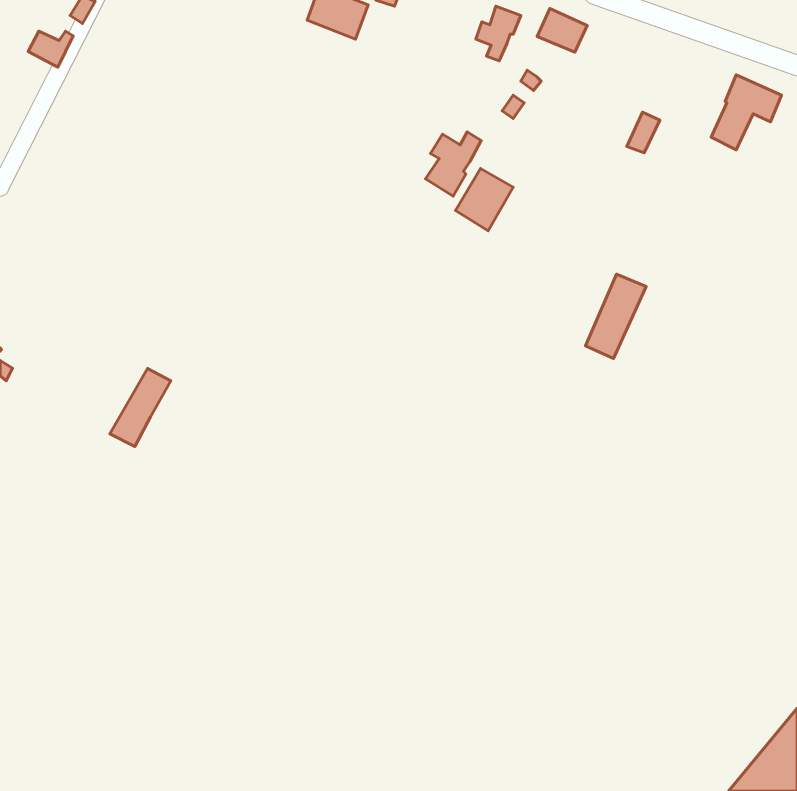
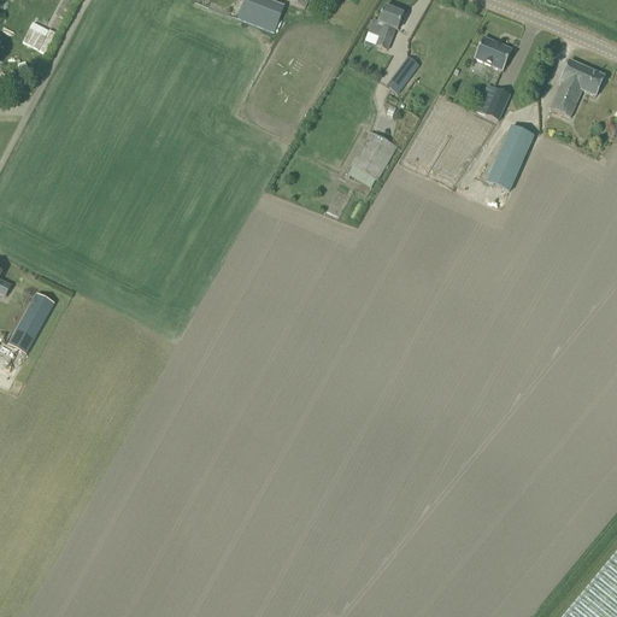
building: [537,8,587,52] -> [474,35,512,69]
building: [426,132,481,196] -> none
building: [585,274,646,358] -> [487,124,534,189]
building: [110,368,171,446] -> [7,292,54,352]

